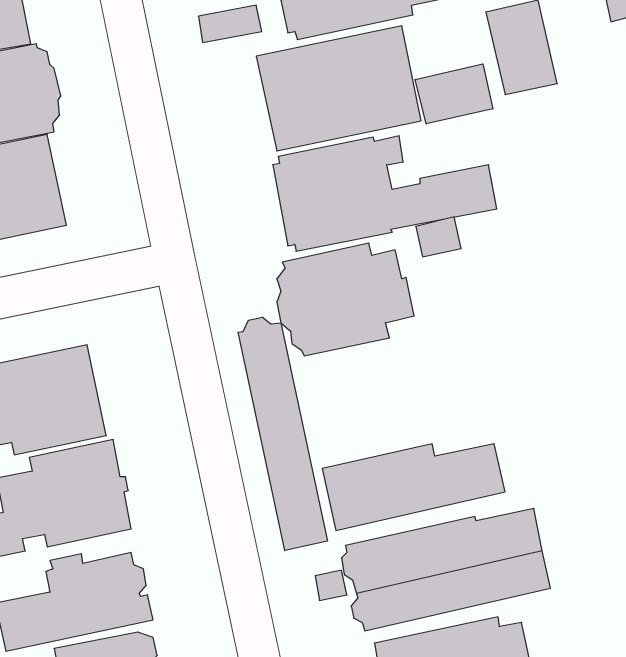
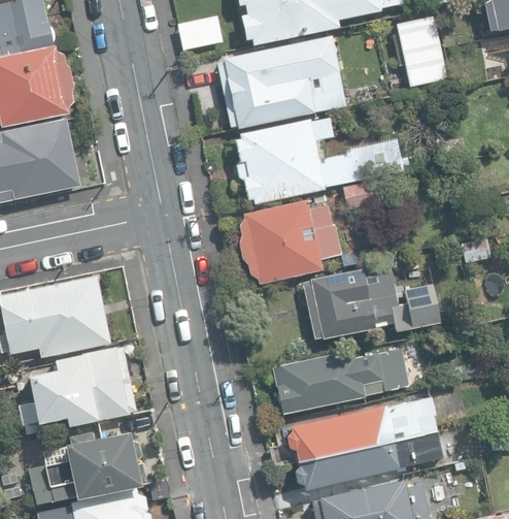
building: [415,64,493,124] -> none
building: [238,317,327,551] -> none
building: none -> [302,268,439,338]

